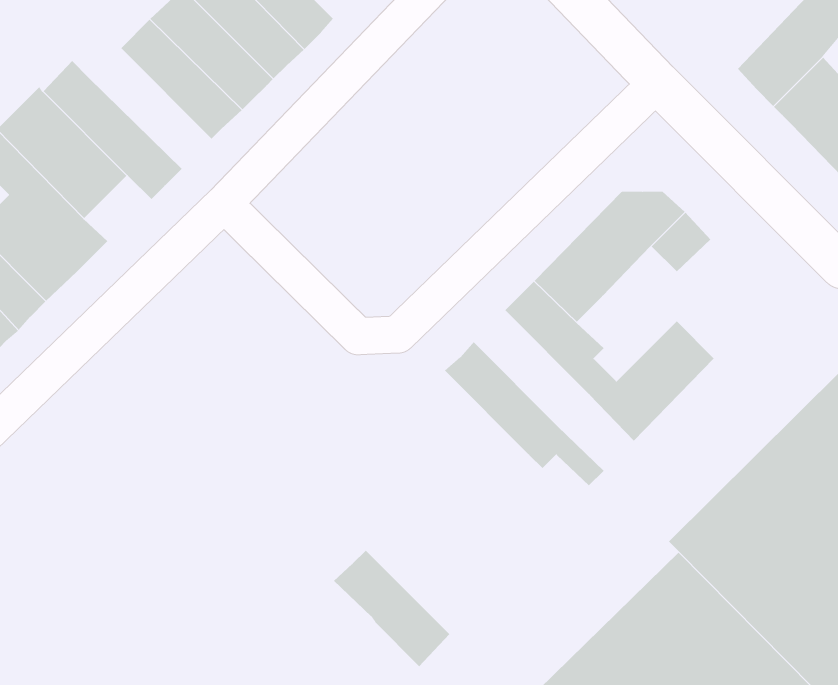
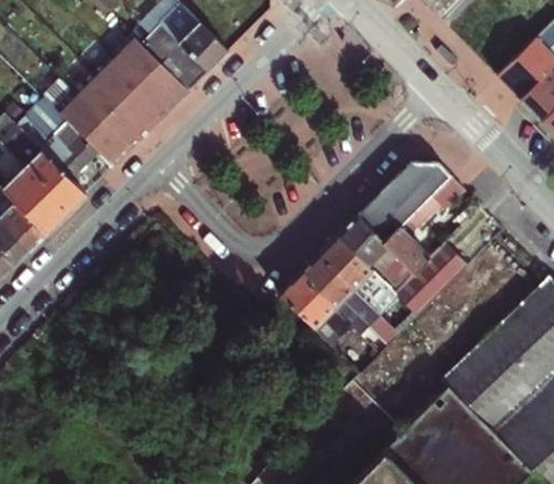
building: none -> [76,70,154,146]
building: none -> [385,227,432,274]
building: none -> [320,235,393,308]
building: [333,550,450,667] -> [280,274,354,348]

